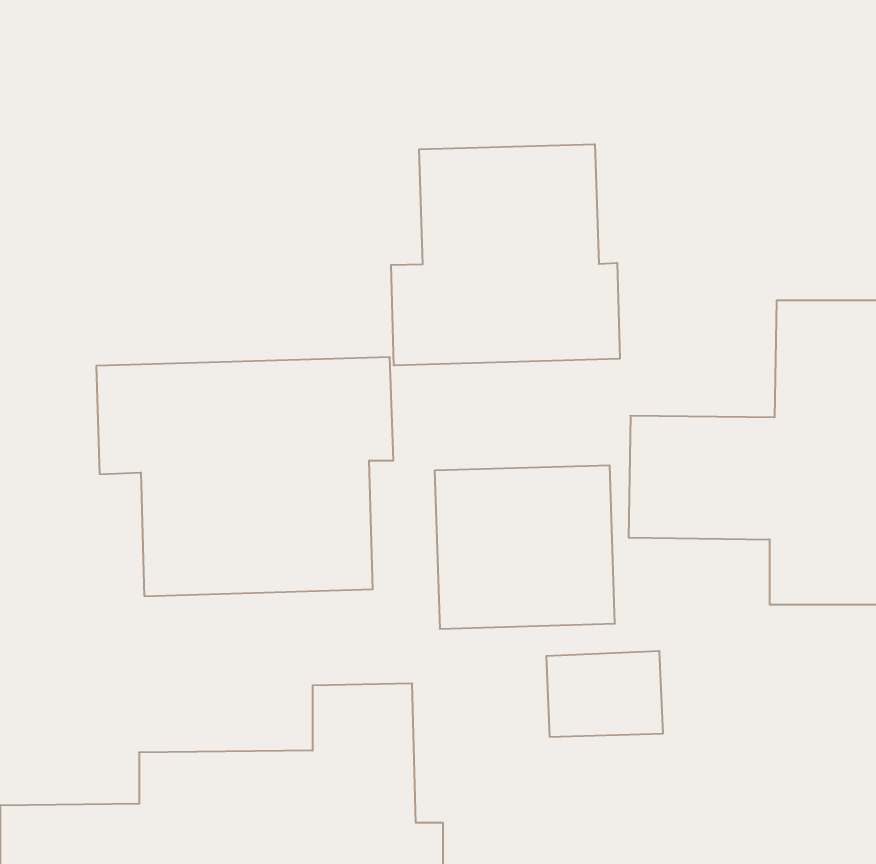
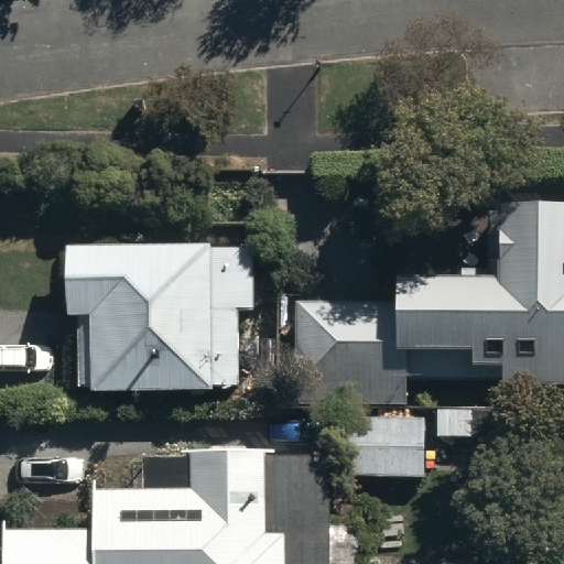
building: [391,144,620,366] -> none

